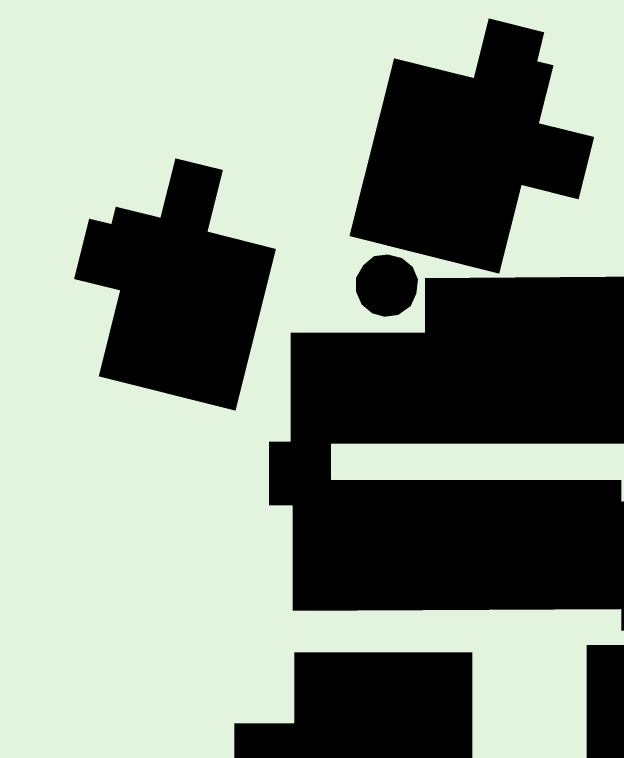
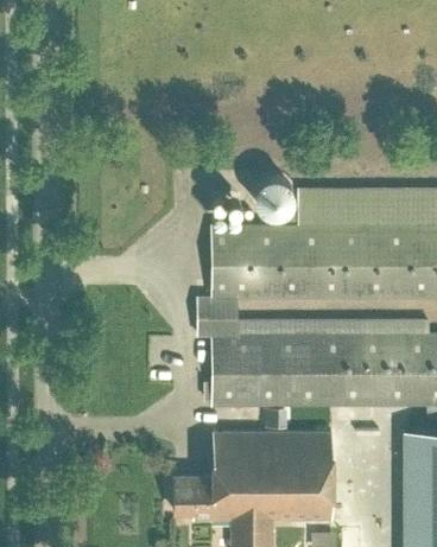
building: [349,18,595,274] -> none
building: [73,157,277,412] -> none

